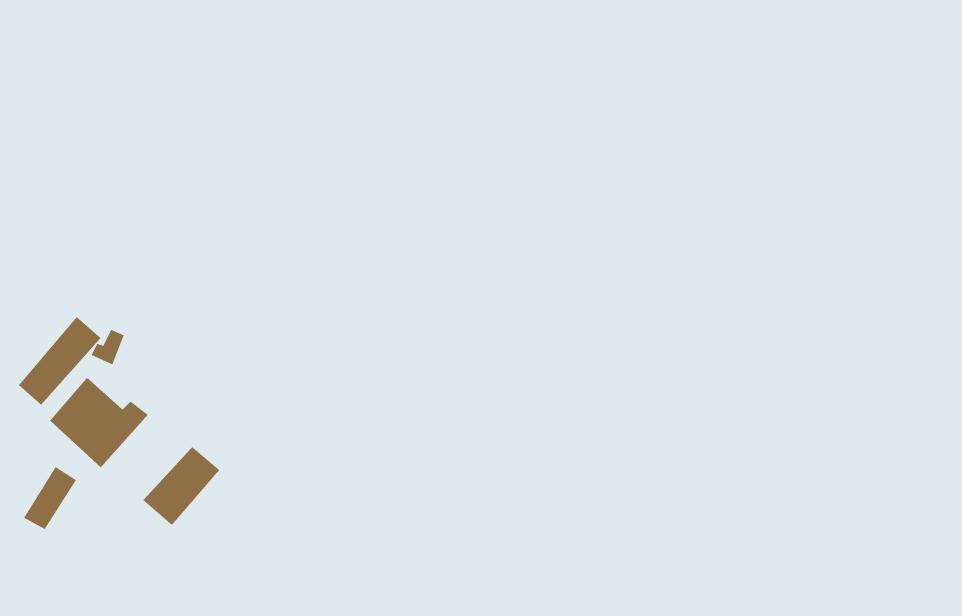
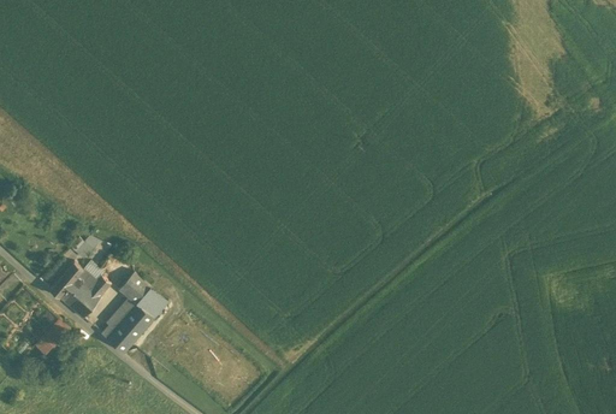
building: [18,316,102,406] -> none
building: none -> [117,273,167,319]

